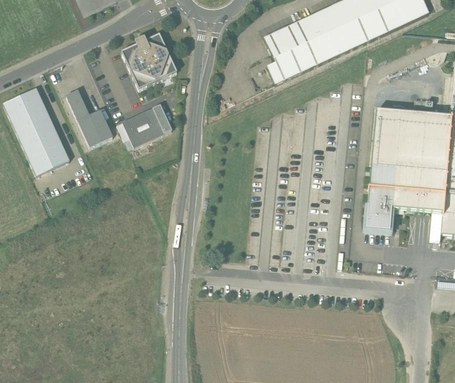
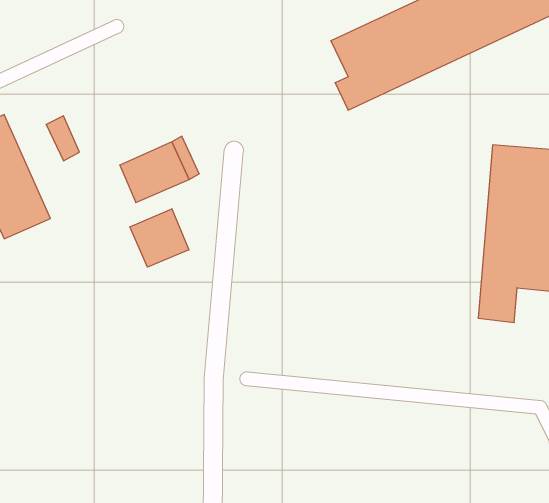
building: [122,33,178,88] -> none
building: [79,108,114,146] -> none
building: none -> [130,209,189,267]

